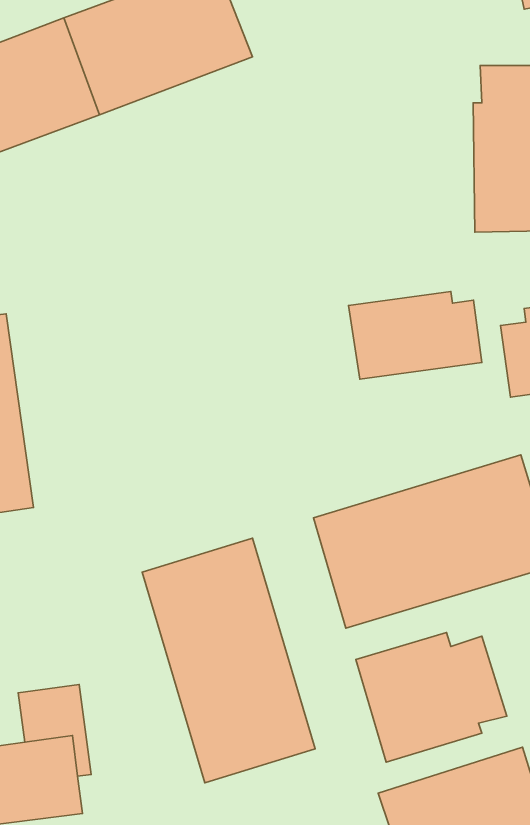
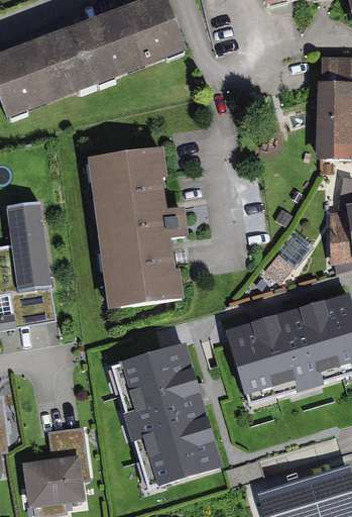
building: none -> [89,150,189,309]
building: [348,291,482,379] -> none
building: [356,632,507,762] -> none

